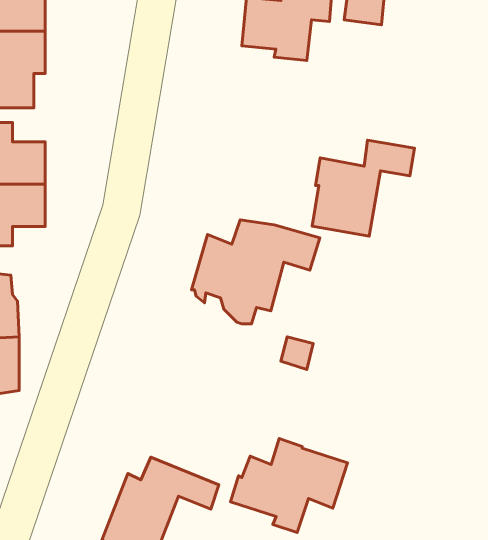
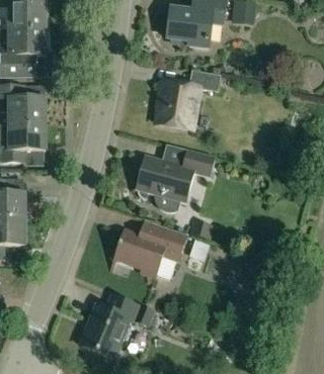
building: [312,140,415,236] -> [156,69,220,128]
building: [231,438,348,533] -> [113,218,186,277]

